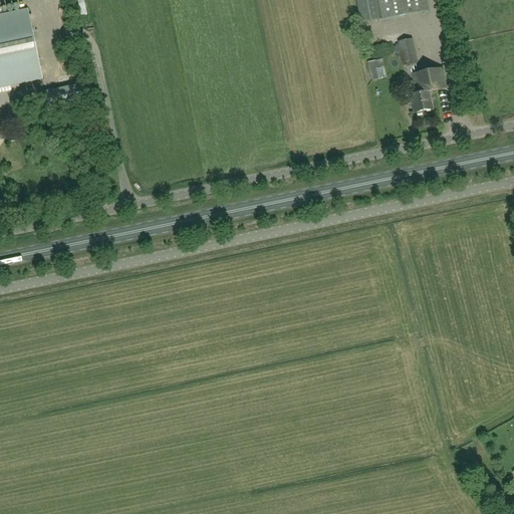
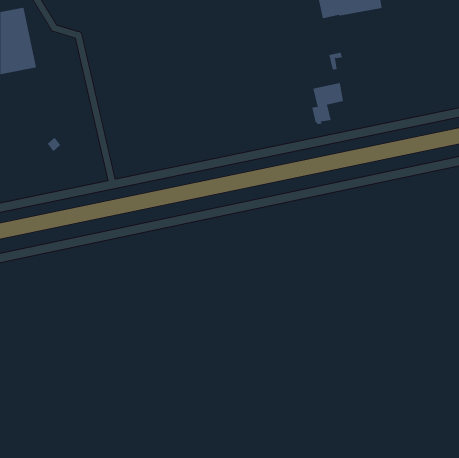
building: [397,37,417,63] -> none
building: [410,65,446,112] -> [312,82,344,125]

